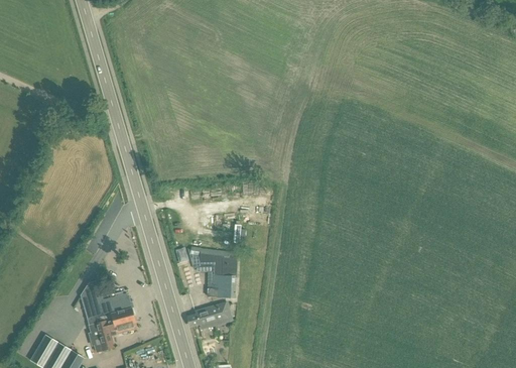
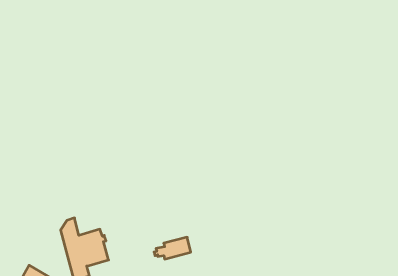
building: [187,246,235,296] -> none

